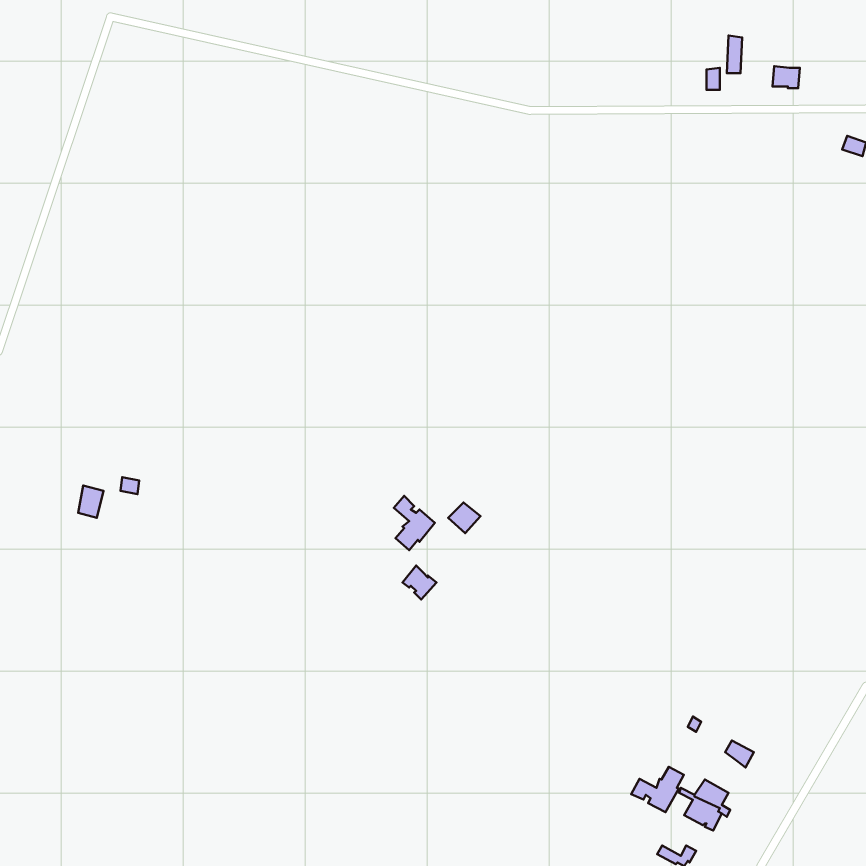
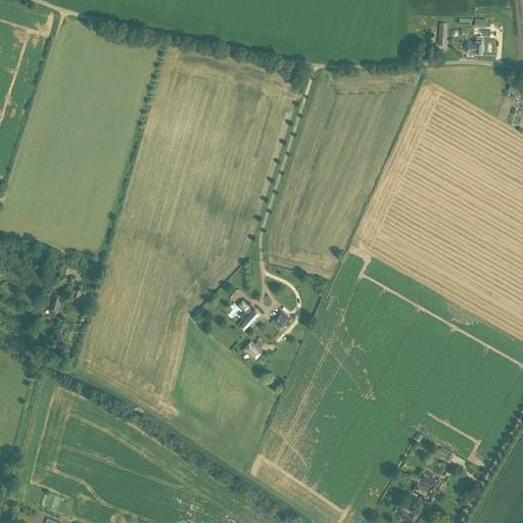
building: [631,767,684,812] -> none

